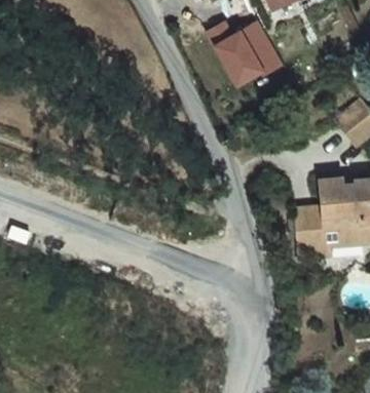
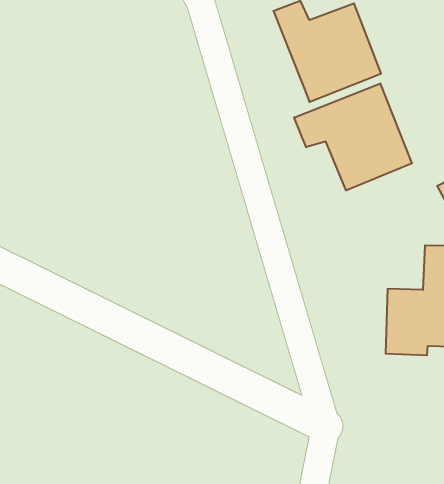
building: none -> [294,83,412,190]

